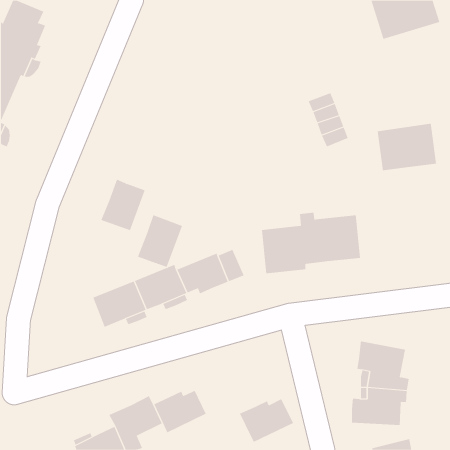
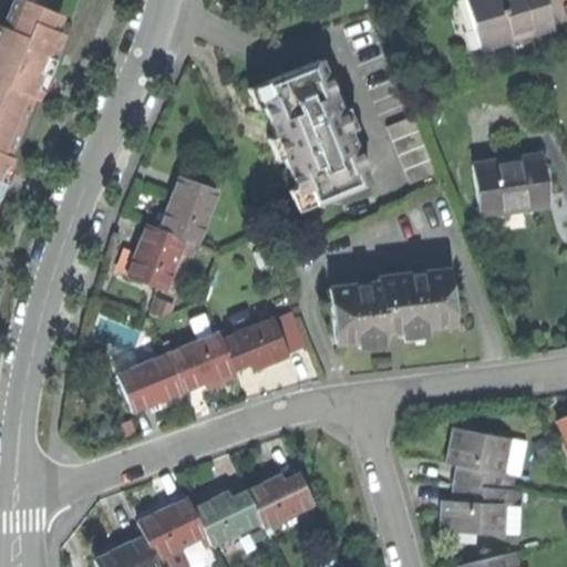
building: none -> [261,61,368,204]
building: [137,215,183,267] -> [159,177,217,244]
building: [239,399,294,443] -> [246,472,315,527]

